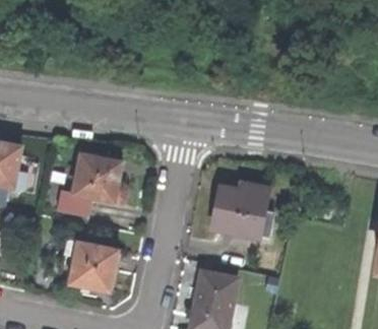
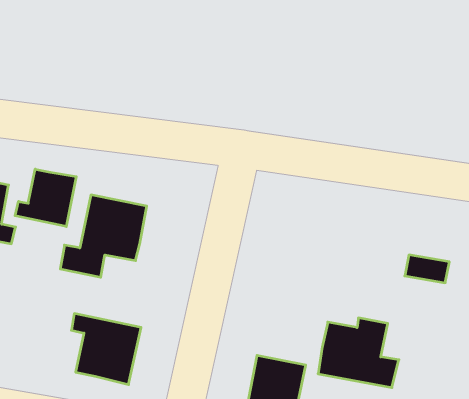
building: none -> [15,169,76,227]
building: [215,186,274,237] -> [318,318,399,388]

